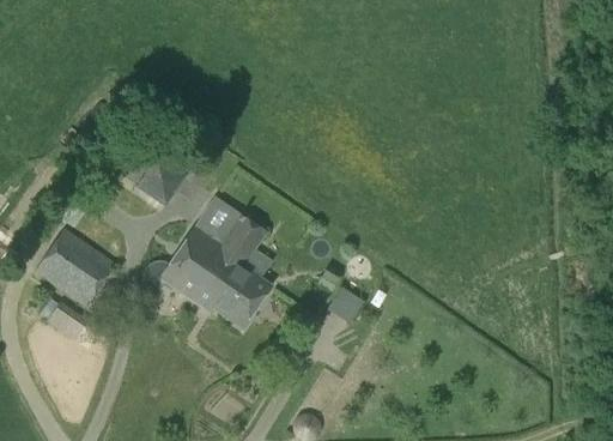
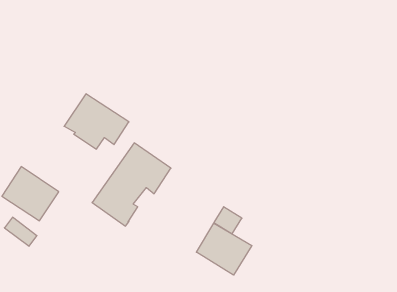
building: [207,259,271,328] -> none
building: none -> [196,223,252,275]

